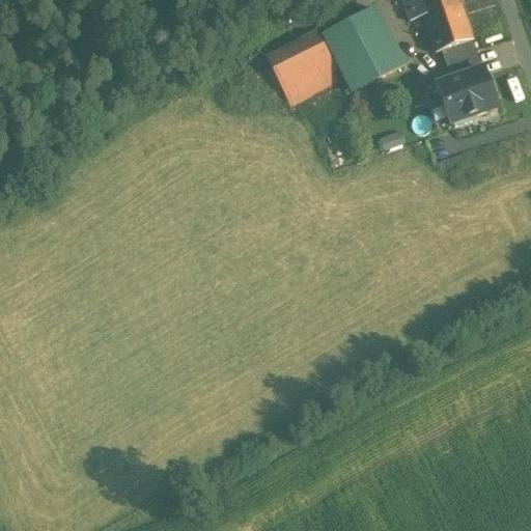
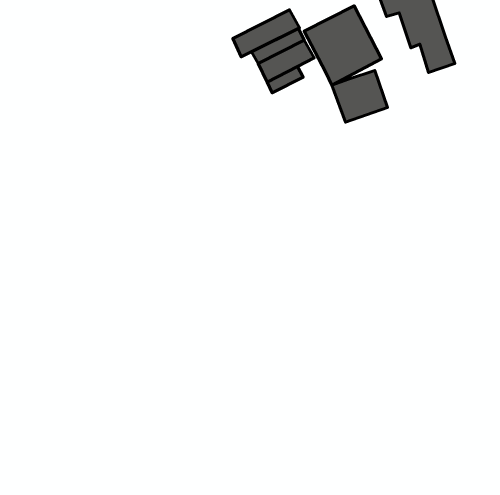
building: none -> [233,10,299,57]
building: [437,67,496,122] -> [332,70,387,122]

